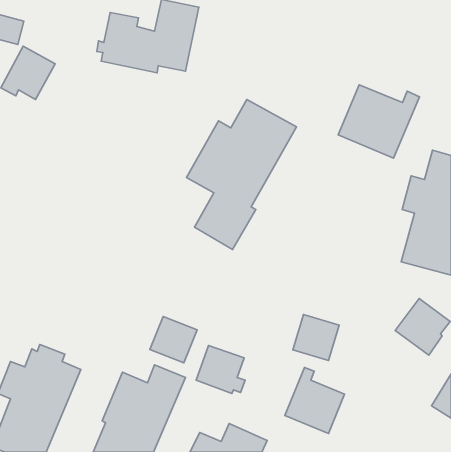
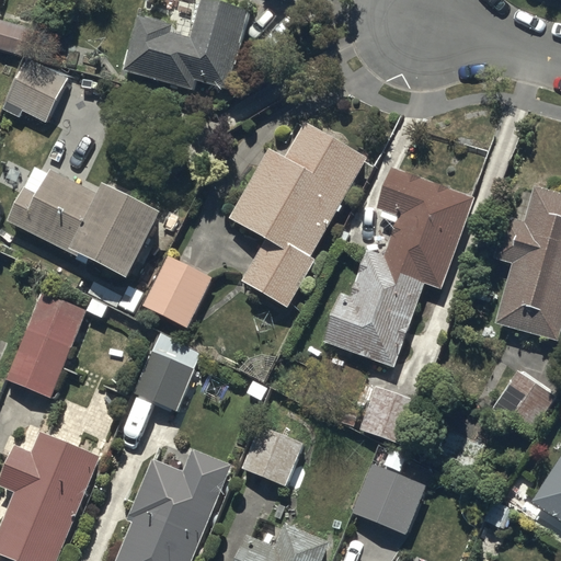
building: [338,85,419,158] -> none
building: none -> [8,165,163,280]
building: none -> [321,167,472,368]
building: none -> [144,255,213,328]
building: none -> [5,296,84,397]
building: [150,317,197,363] -> [134,353,192,410]

